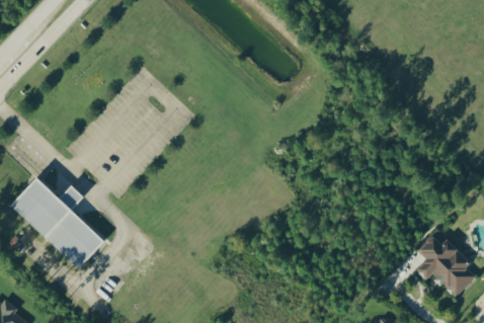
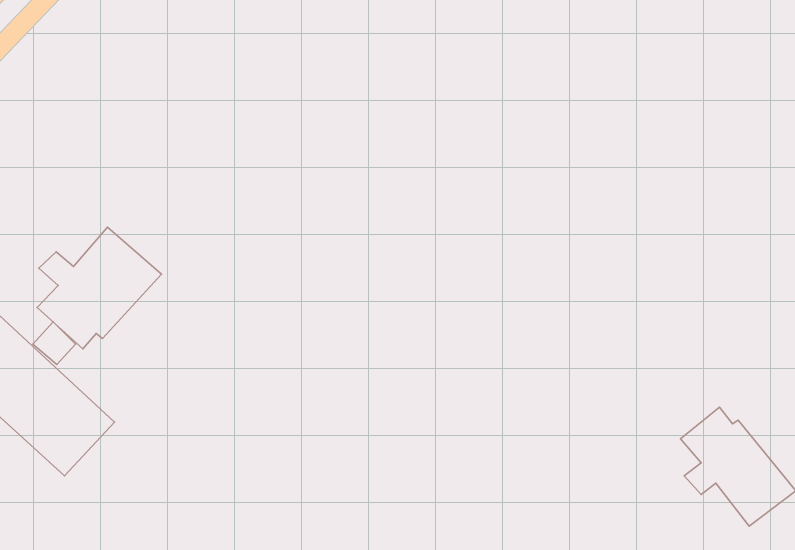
building: none -> [37,227,161,349]

